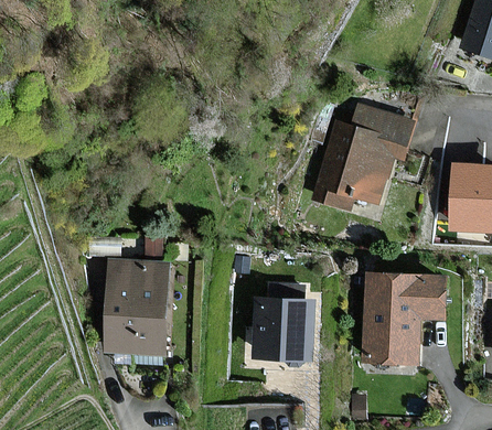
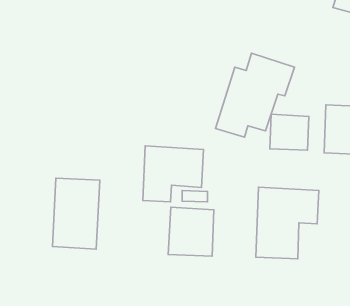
building: none -> [270,114,309,150]
building: none -> [143,146,203,202]

